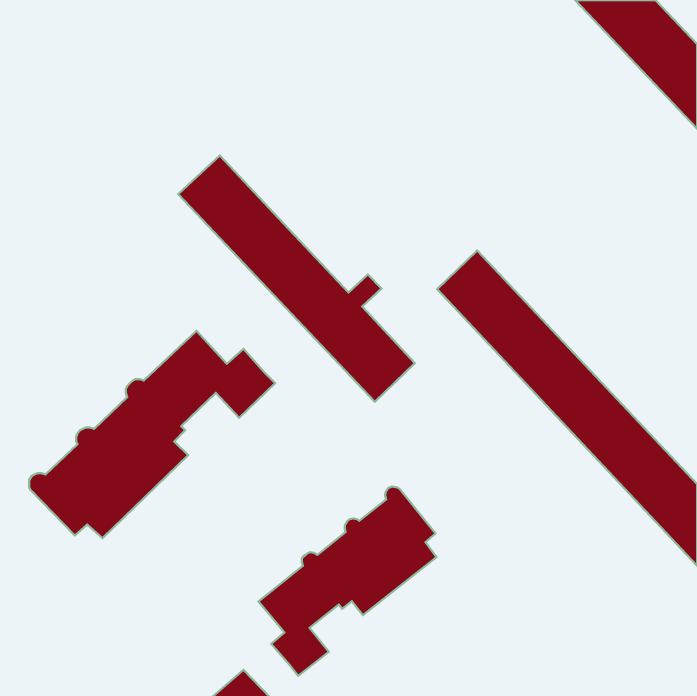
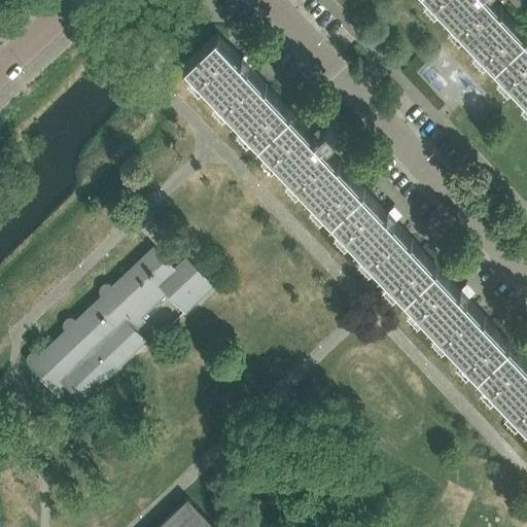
building: [178,156,415,402] -> [179,40,355,223]
building: [258,486,436,676] -> none

